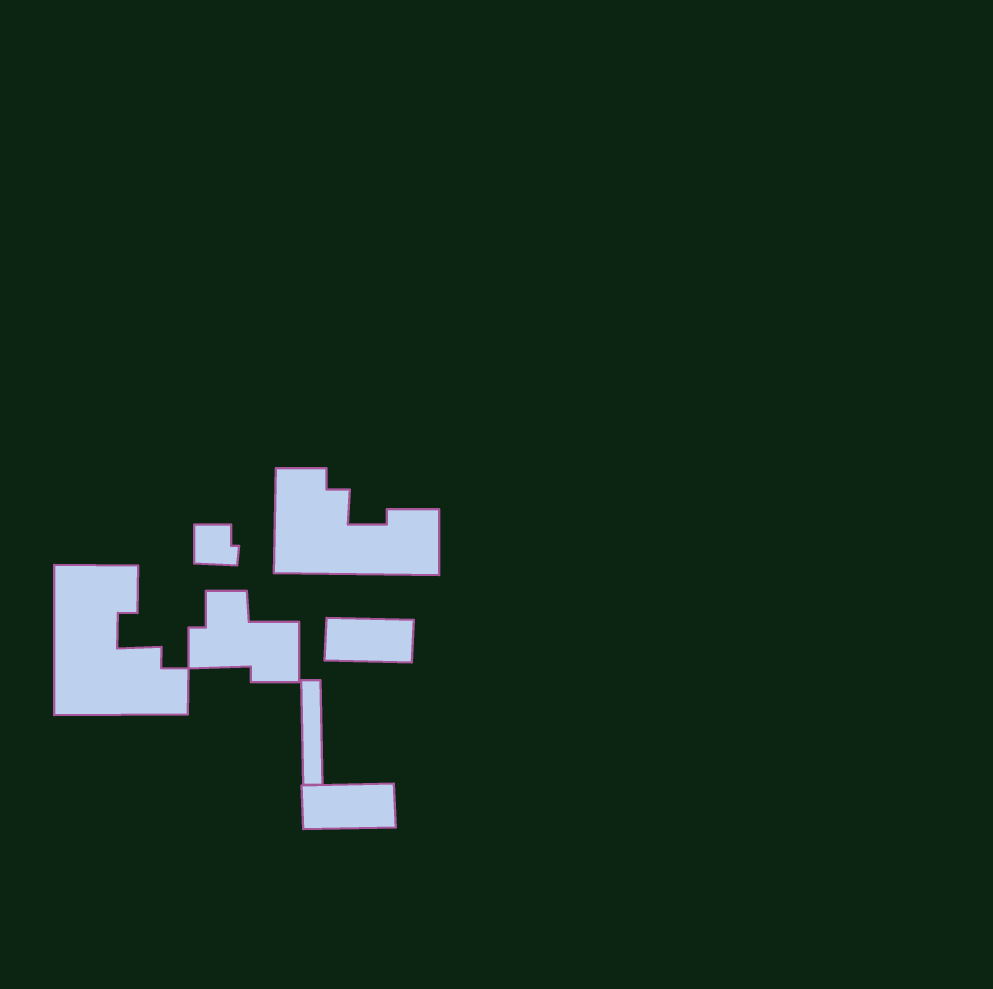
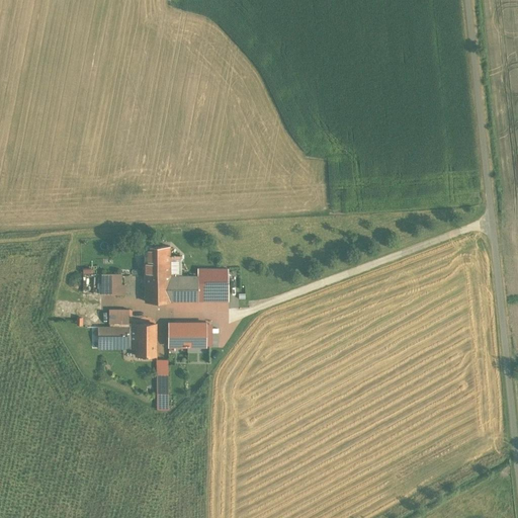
building: [54,565,188,715] -> none
building: [301,784,396,829] -> none

